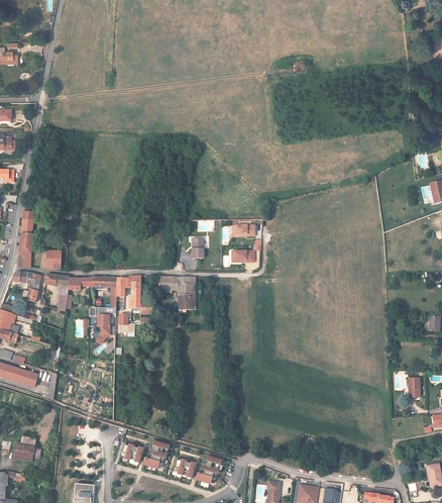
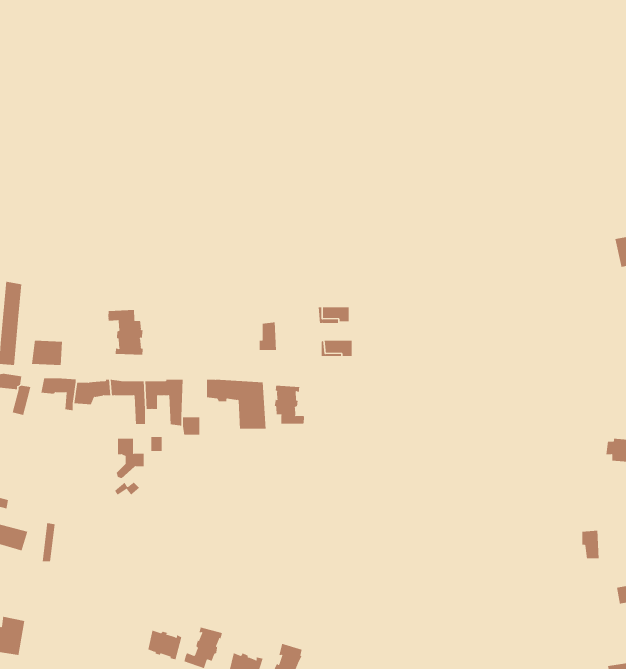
building: none -> [108,309,143,355]
building: none -> [274,385,305,425]

